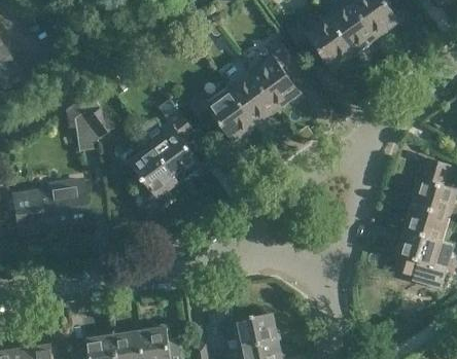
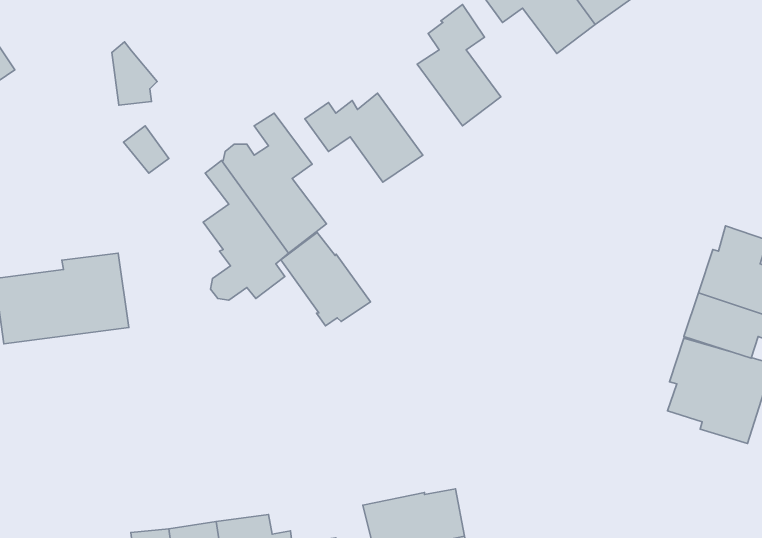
building: [231,69,279,124] -> none
building: [75,112,101,148] -> [112,42,157,105]
building: none -> [281,233,371,326]

